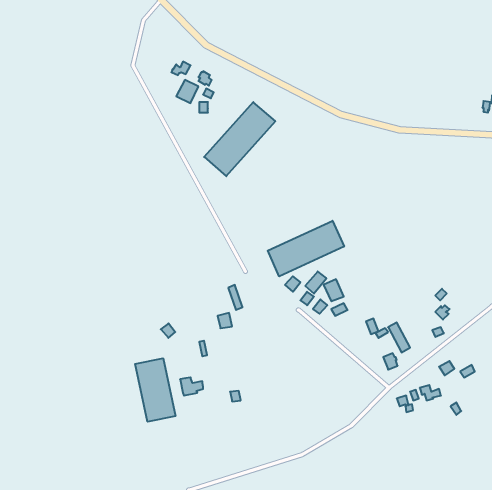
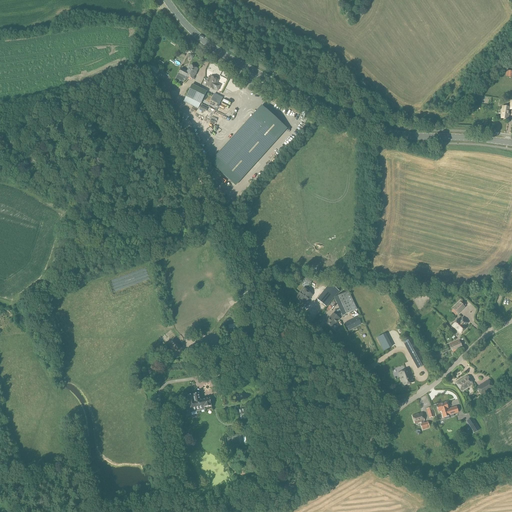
building: [268,221,344,276] -> none
building: [135,358,175,422] -> none

